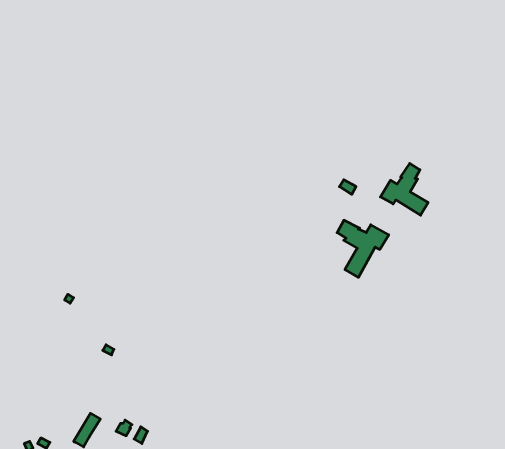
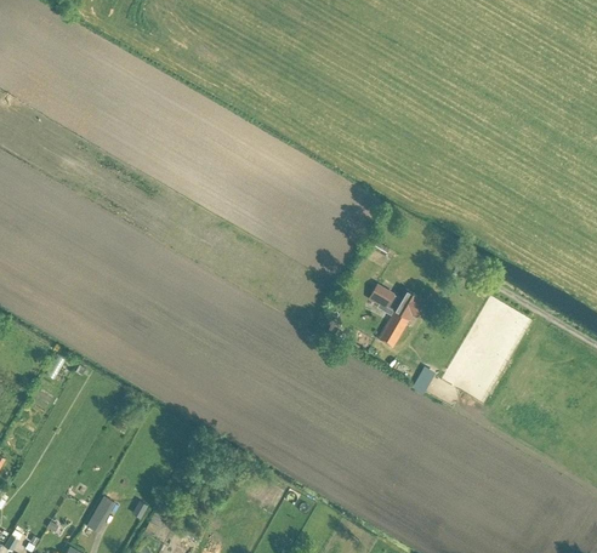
building: [380,163,428,215] -> none

